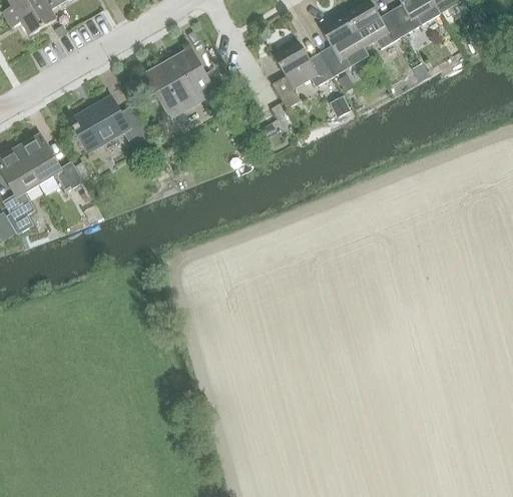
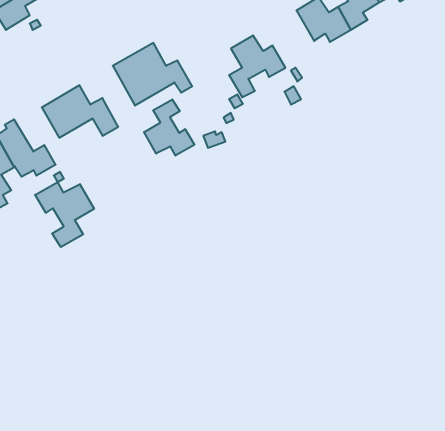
building: [319,14,369,76] -> none
building: none -> [144,99,194,156]
building: none -> [35,182,94,247]

